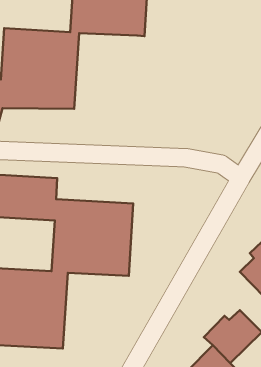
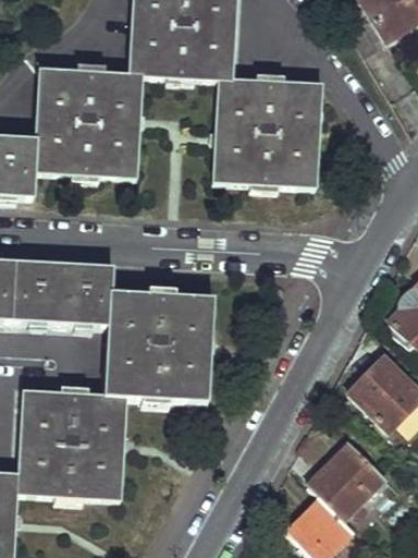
building: none -> [213,78,320,190]

